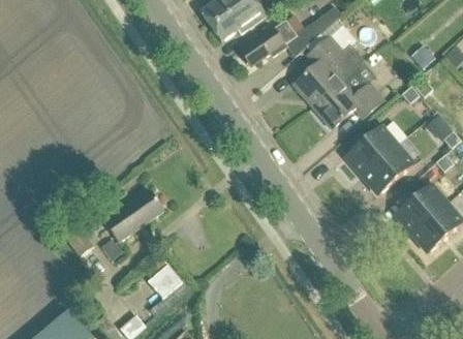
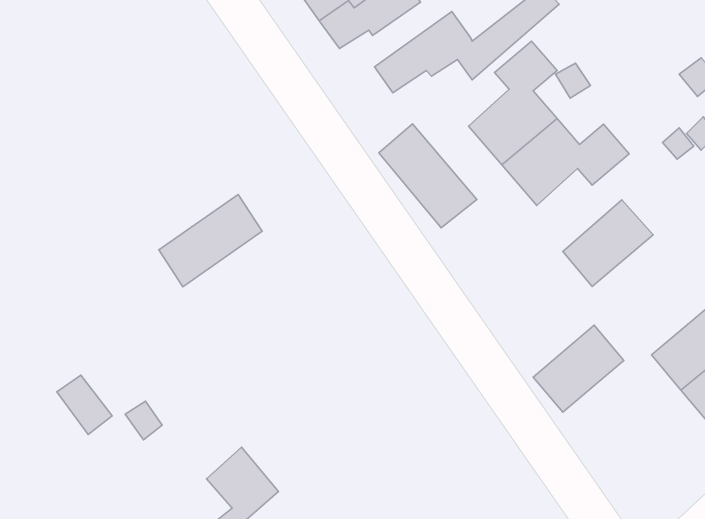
building: none -> [379,124,477,228]
building: [363,145,413,193] -> [533,325,624,412]
building: [105,189,163,241] -> [159,194,262,287]

